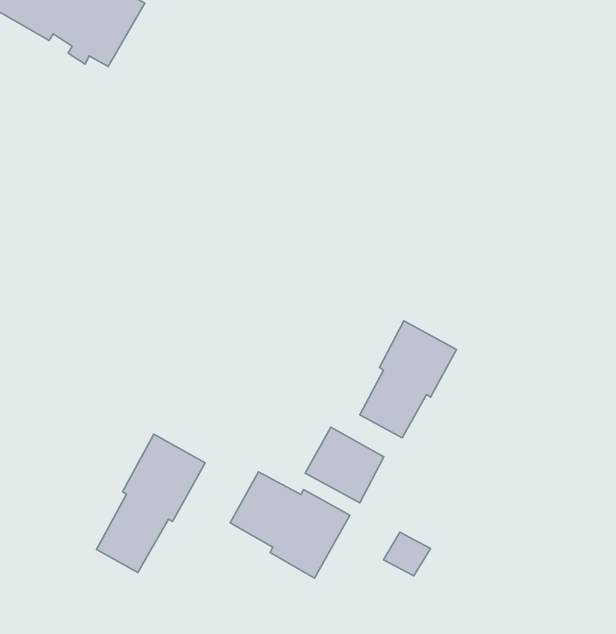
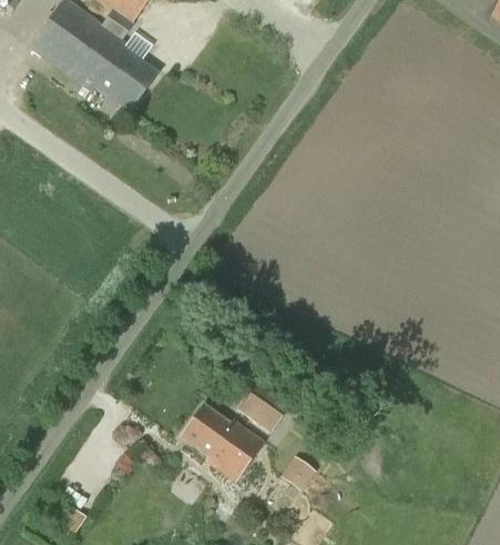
building: [360,321,456,438] -> none
building: [96,434,205,573] -> none

